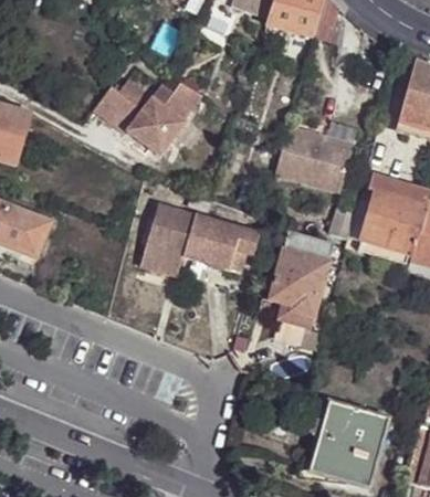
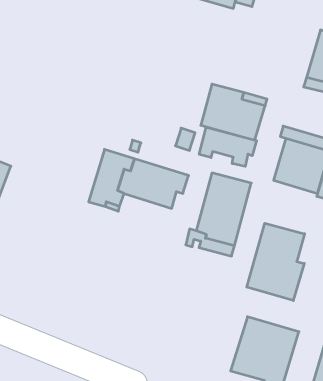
building: [91,77,199,155] -> none
building: none -> [199,127,257,166]
building: none -> [247,223,305,301]

